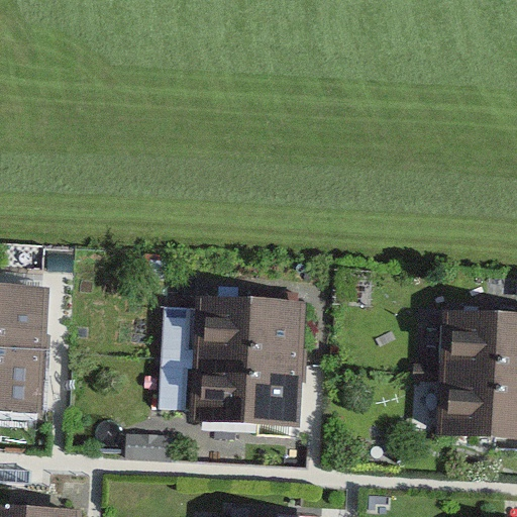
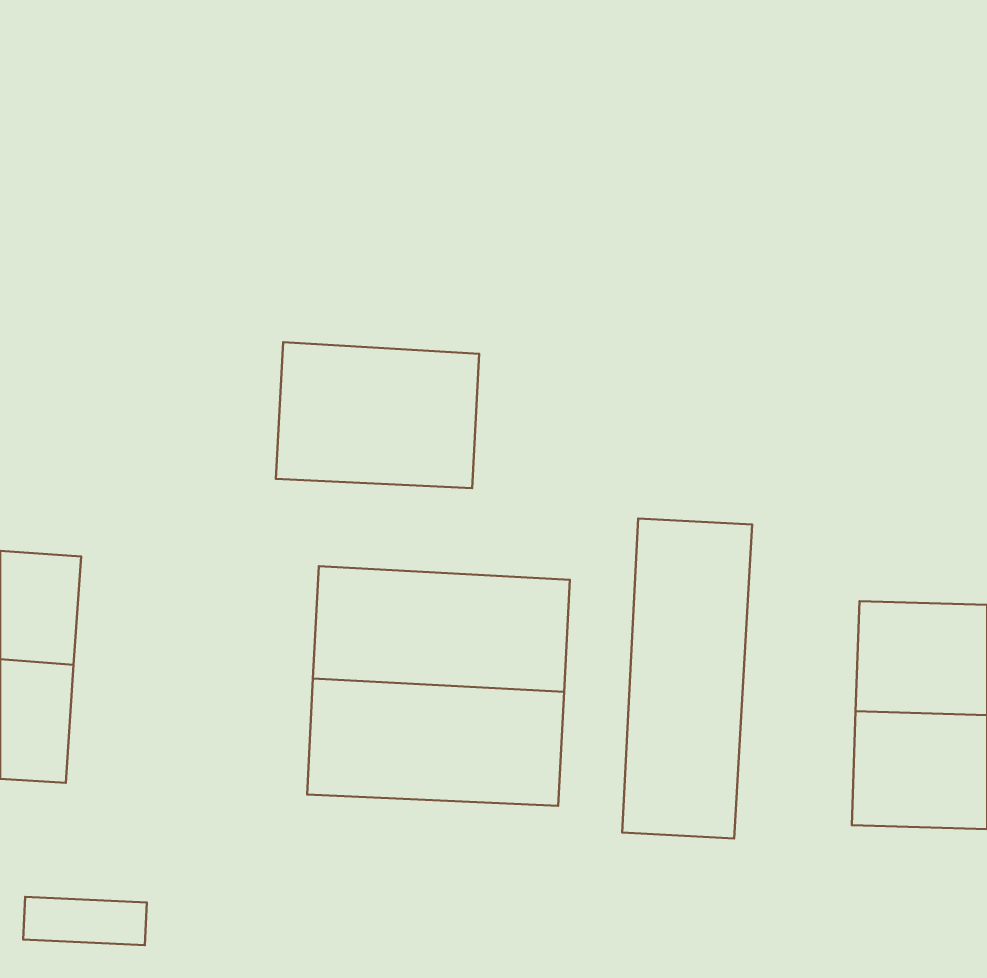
building: none -> [276,342,479,488]
building: none -> [622,519,752,838]

